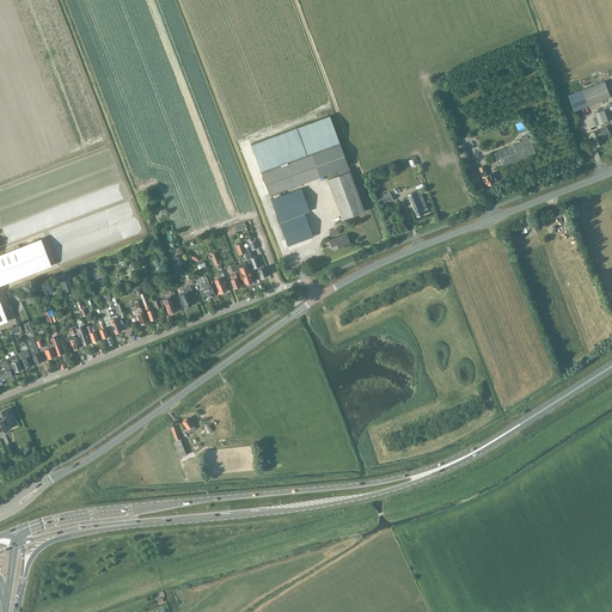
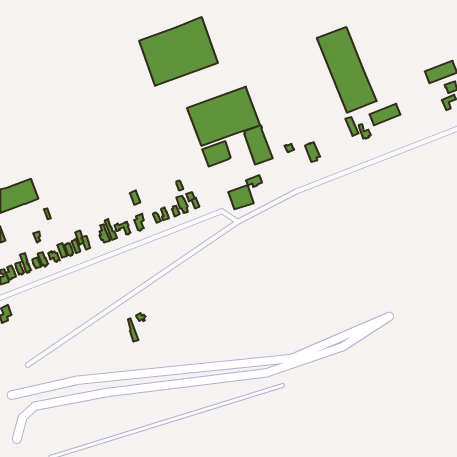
building: none -> [139,17,218,86]
building: none -> [317,27,377,113]
building: [279,213,313,245] -> [228,185,254,209]

